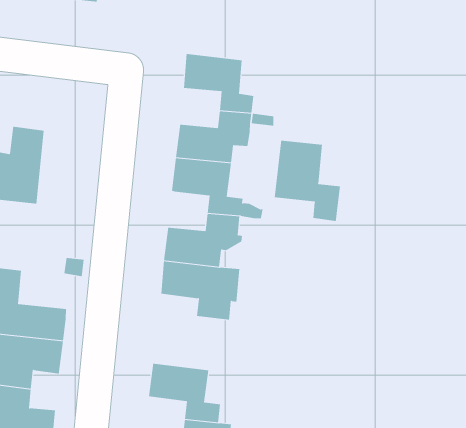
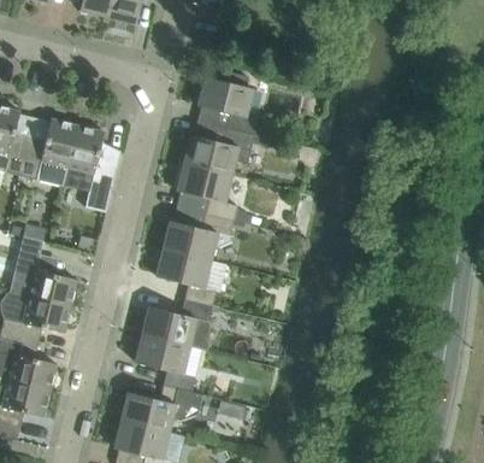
building: none -> [63,125,120,212]
building: [274,140,340,222] -> none
building: none -> [142,299,212,350]

